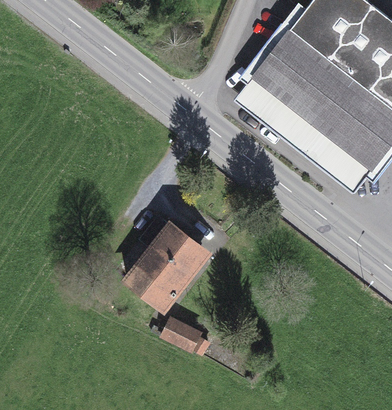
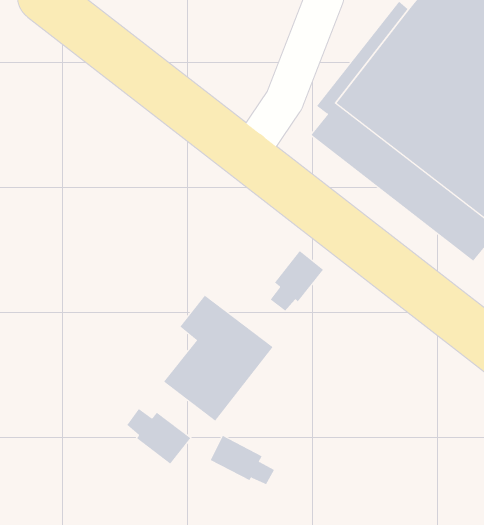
building: none -> [270,250,324,311]
building: none -> [126,408,191,465]

